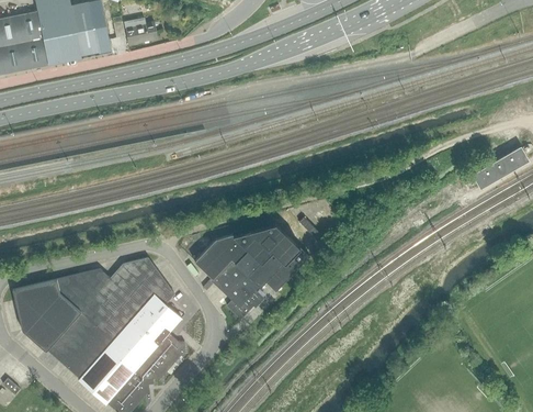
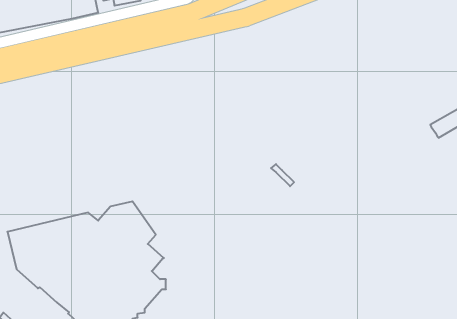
building: [194,222,309,319] -> none

